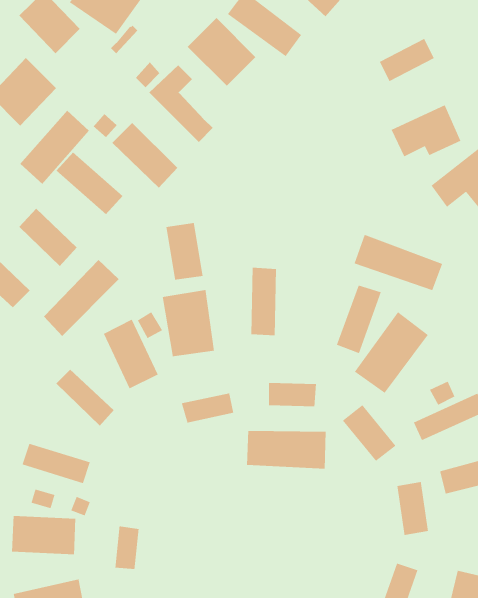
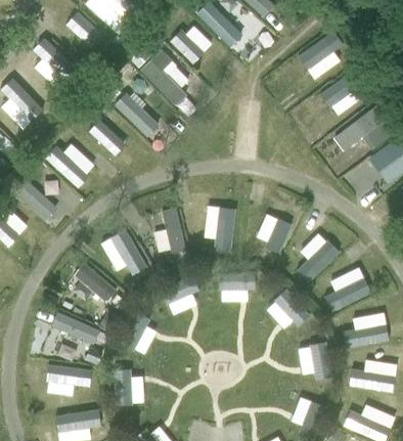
building: [20,110,90,185] -> none
building: [165,222,204,281] -> none
building: [354,234,443,291] -> none
building: [43,259,119,337] -> none
building: [246,430,327,469] -> none

